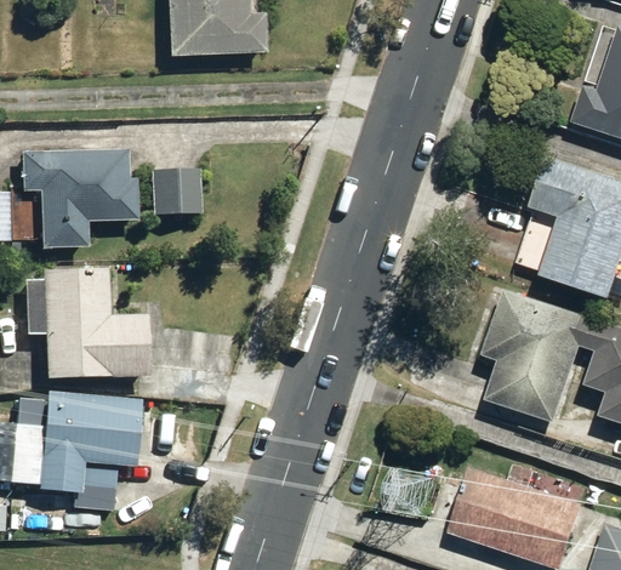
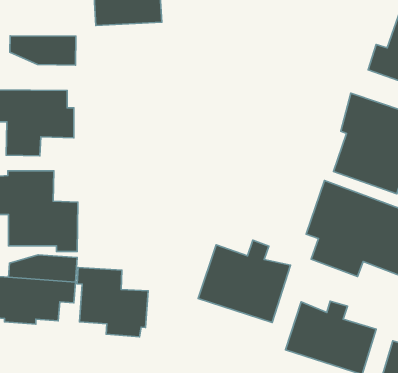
building: none -> [10,36,76,65]
building: [149,172,203,217] -> none
building: none -> [198,240,290,322]
building: none -> [77,267,148,337]

